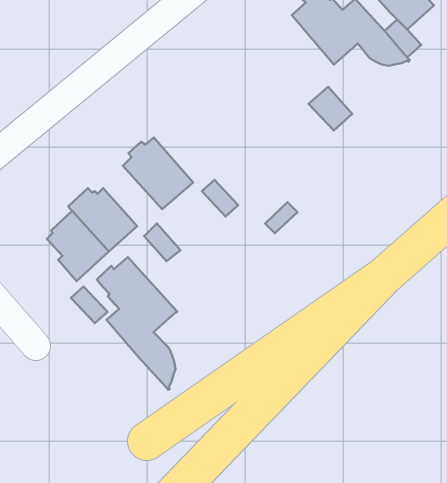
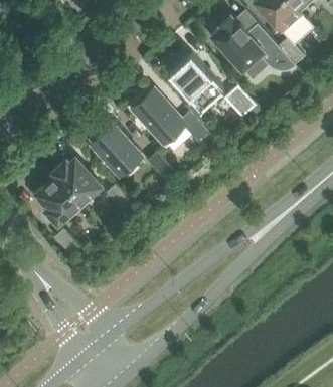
building: none -> [168,53,222,109]
building: none -> [130,89,208,145]
building: [97,257,177,390] -> none

